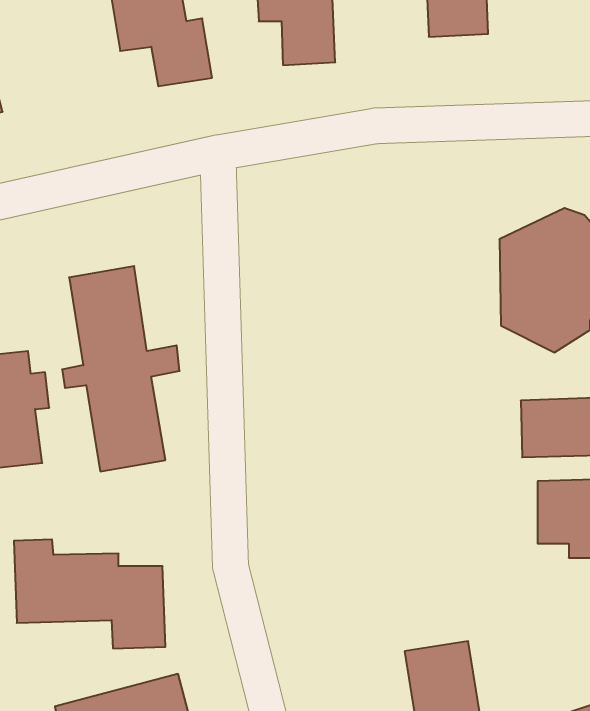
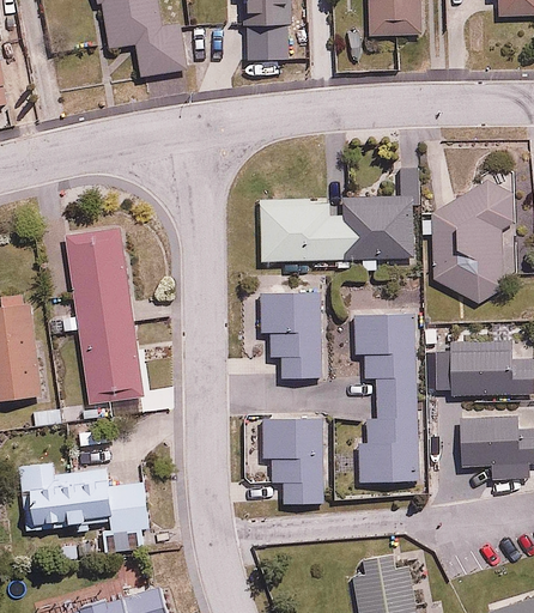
building: none -> [256,194,412,261]
building: none -> [257,279,327,381]
building: none -> [354,314,417,480]
building: none -> [260,421,321,506]

